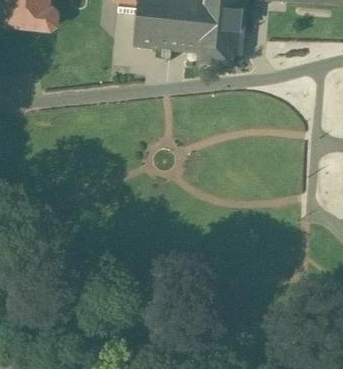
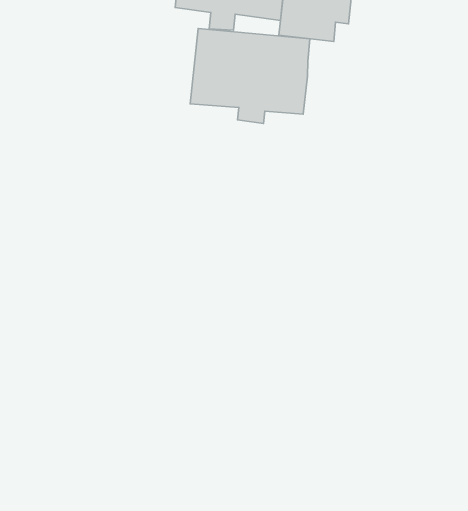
building: none -> [190,29,310,123]

